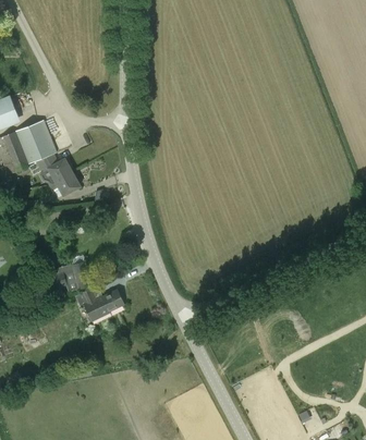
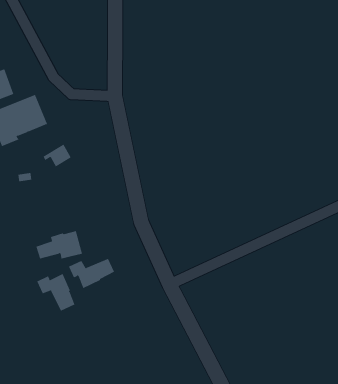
building: [35,152,72,185] -> none
building: none -> [36,273,75,312]

